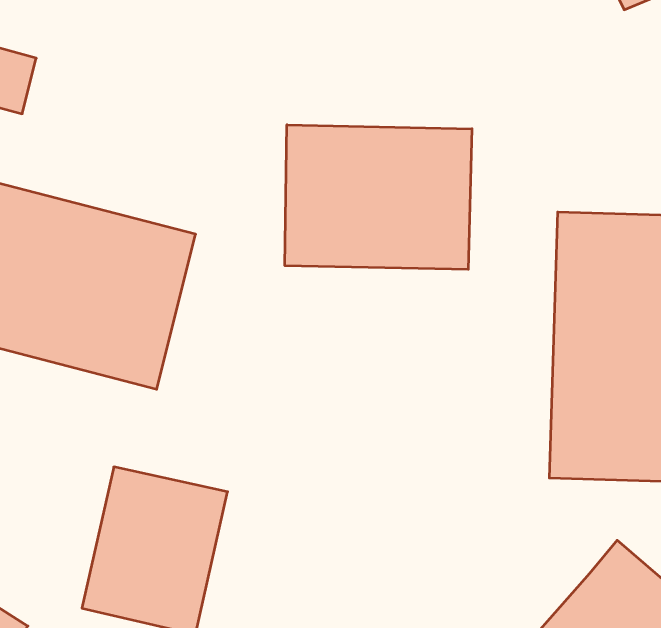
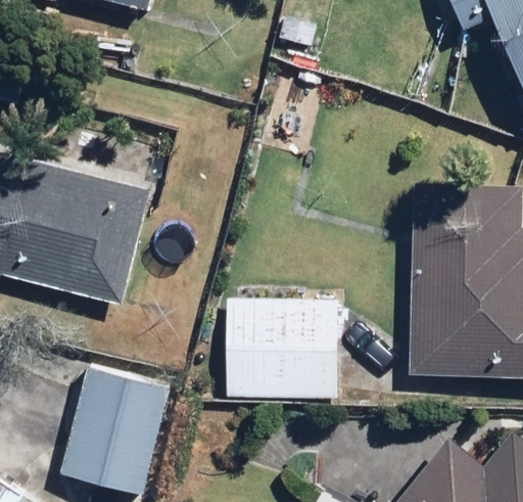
building: [285,125,472,269] -> none
building: none -> [223,291,343,385]

